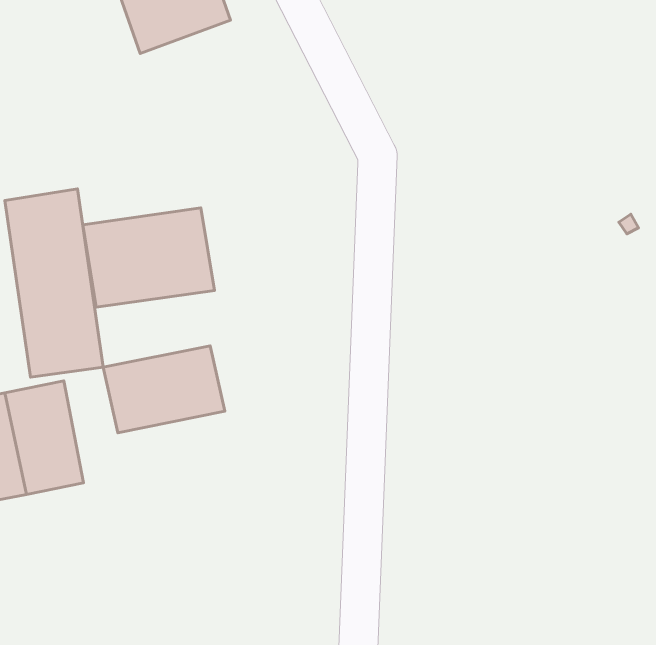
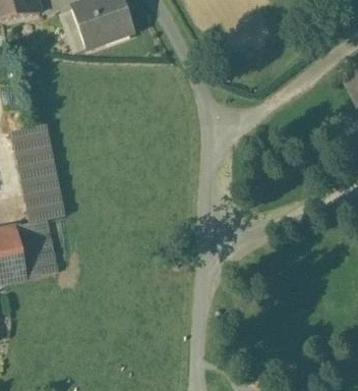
building: [83,208,215,307] -> none
building: [103,346,225,433] -> none

